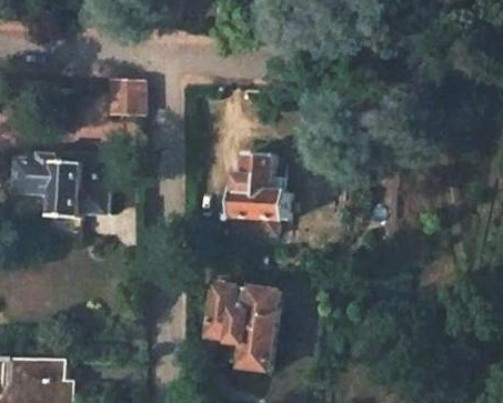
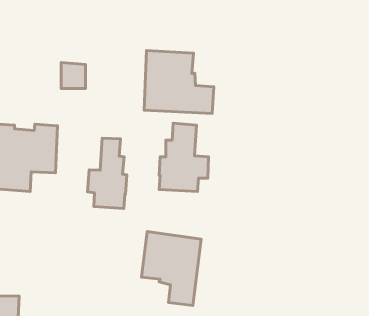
building: none -> [144,51,214,113]
building: none -> [87,138,127,209]

